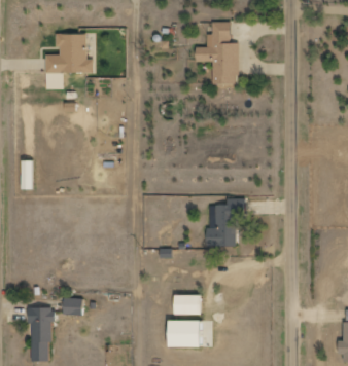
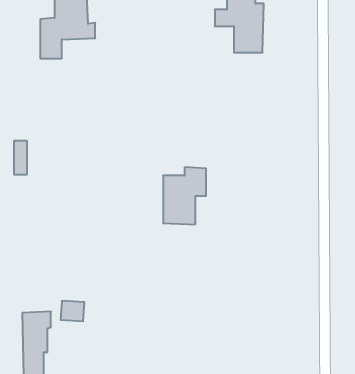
building: [208,197,245,247] -> [163,167,206,224]
building: [176,295,203,315] -> none
building: [170,320,203,346] -> none

